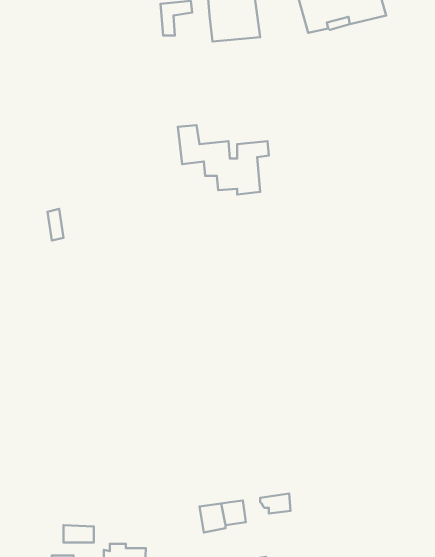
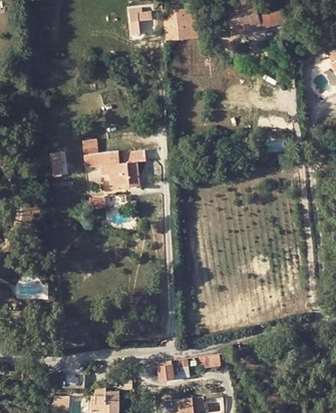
building: [178,125,269,195] -> [82,140,145,188]

